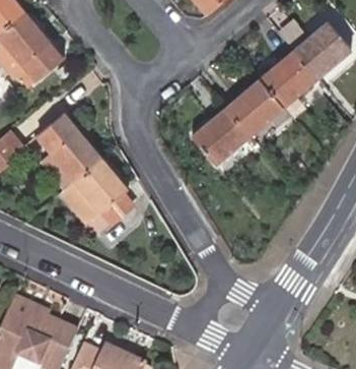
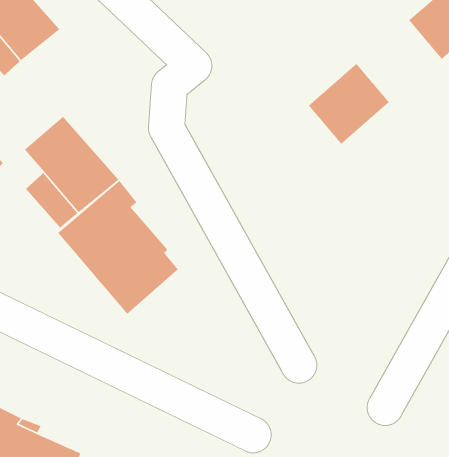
building: [260,49,316,104] -> none
building: [194,106,250,162] -> none

